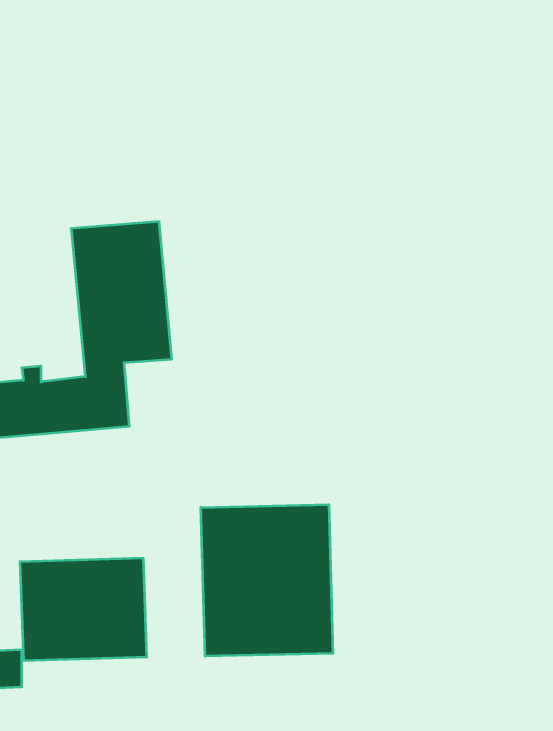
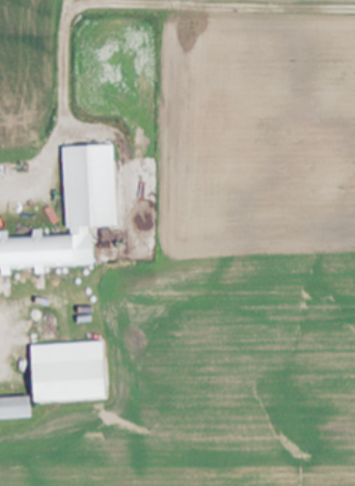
building: [201,505,333,656] -> none

